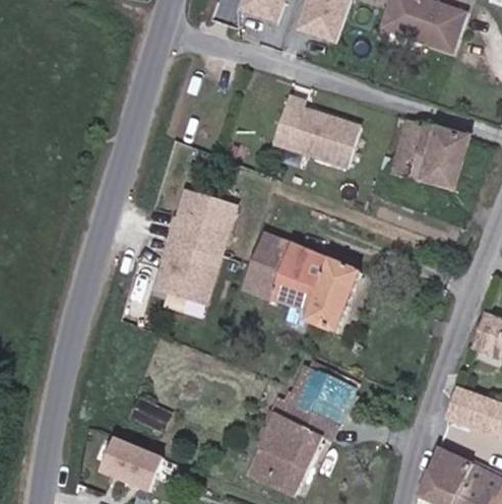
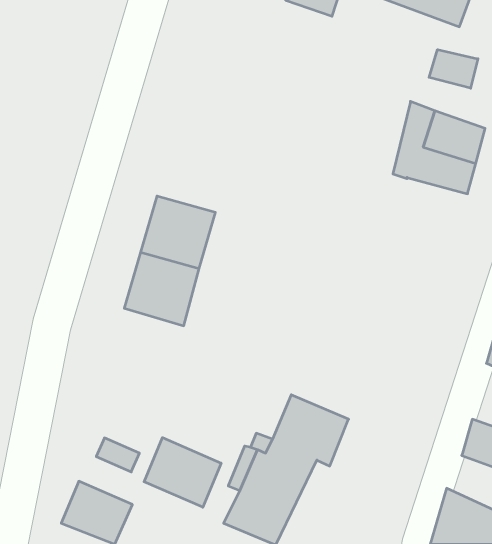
building: none -> [429,50,478,88]
building: [271,94,361,168] -> none
building: [242,233,362,334] -> none
building: none -> [144,438,221,507]

